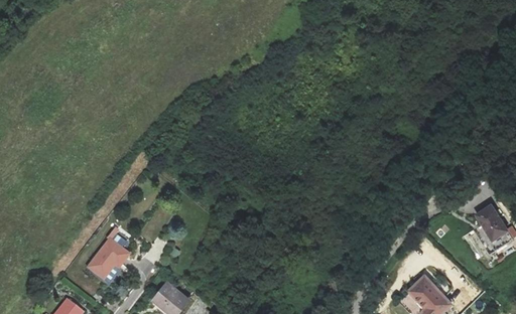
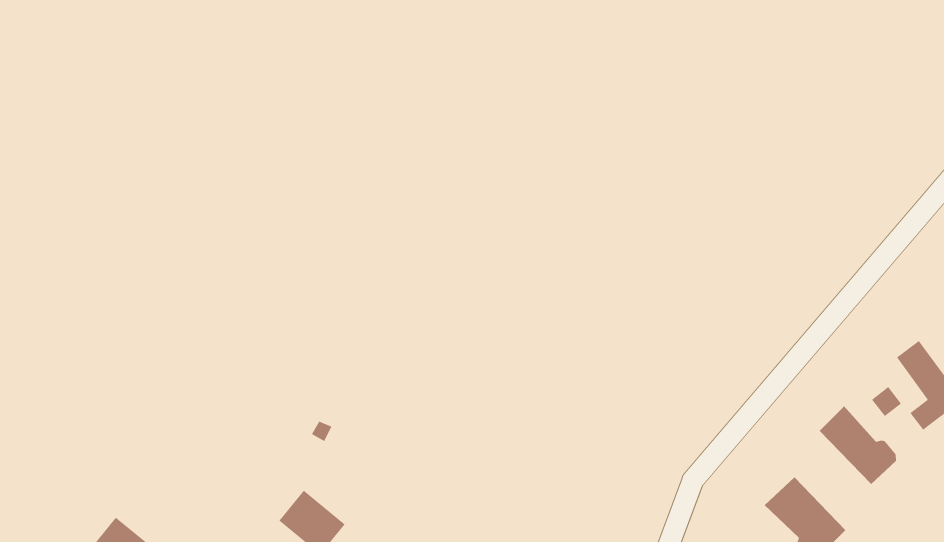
building: none -> [819,405,896,485]
building: [90,240,128,276] -> none

